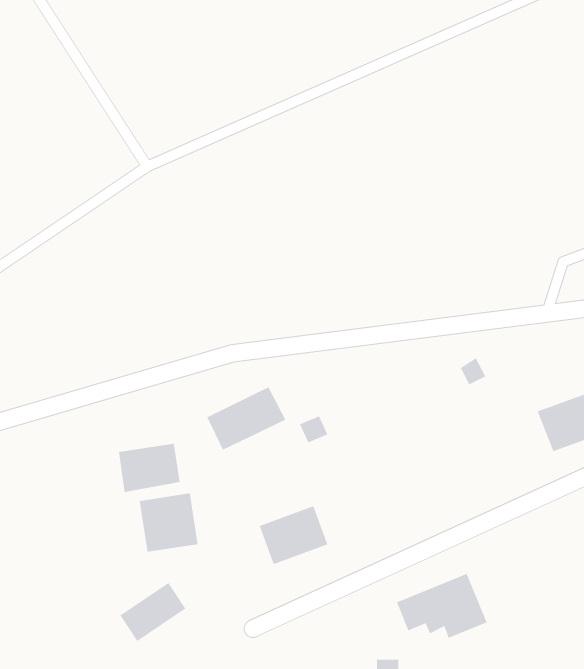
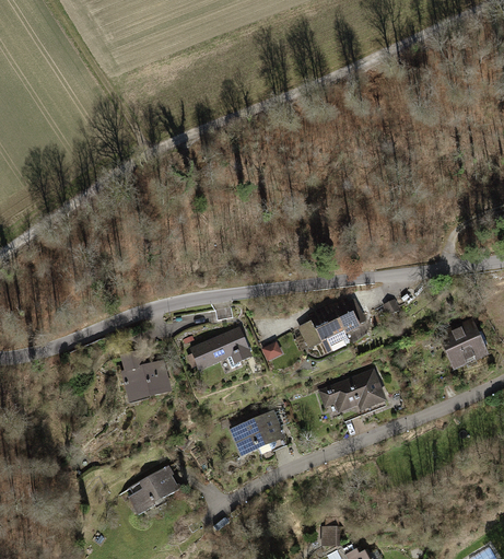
building: none -> [300,302,363,352]
building: [139,493,198,553] -> none
building: [396,573,487,638] -> [317,369,386,418]

